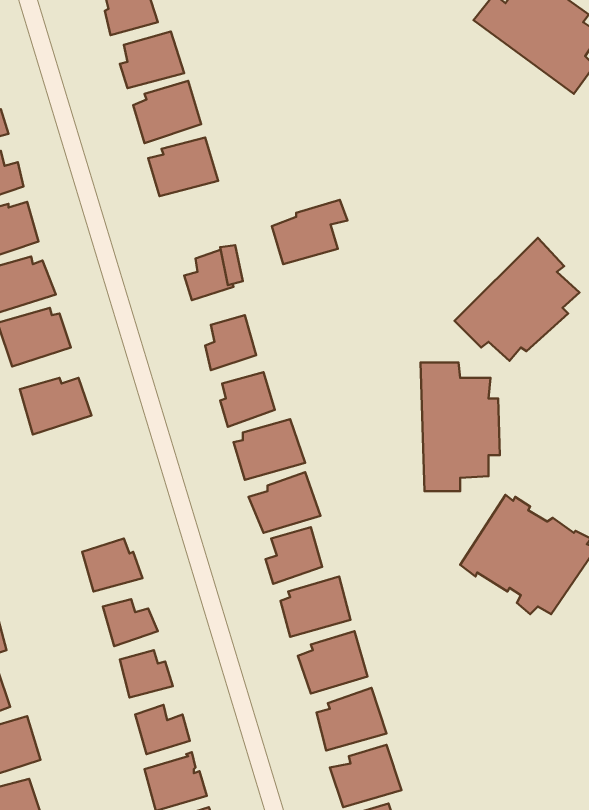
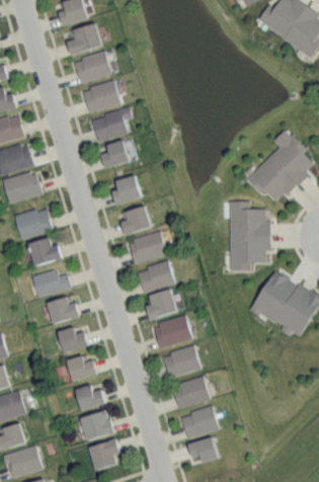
building: [272,200,347,264] -> [91,107,132,142]
building: none -> [27,238,61,266]
building: none -> [30,270,70,298]

